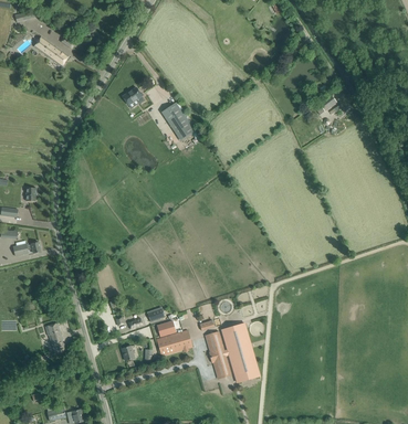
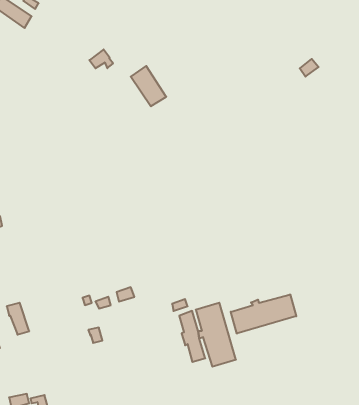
building: none -> [231,294,296,334]
building: [157,330,192,357] -> none

